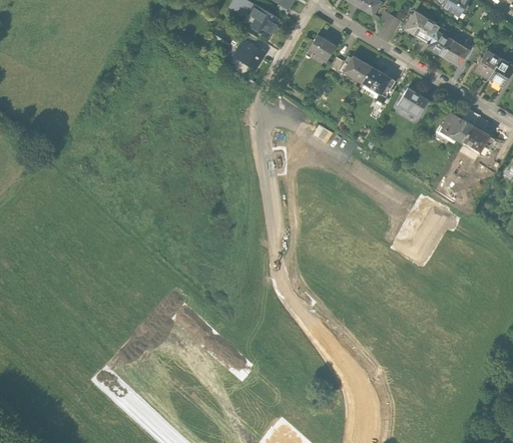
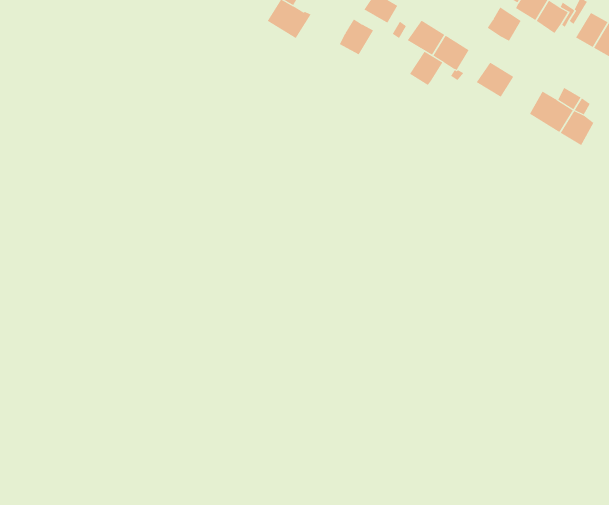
building: none -> [487,7,521,41]
building: none -> [339,19,374,55]
building: none -> [409,51,443,86]

